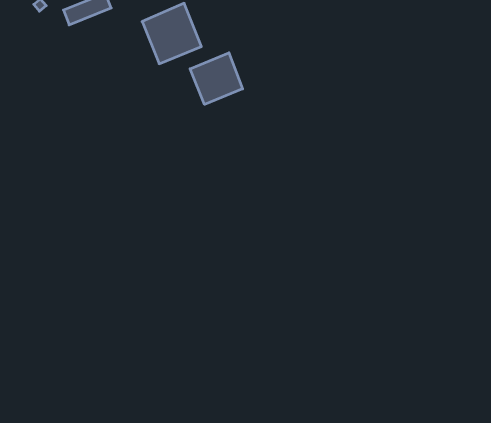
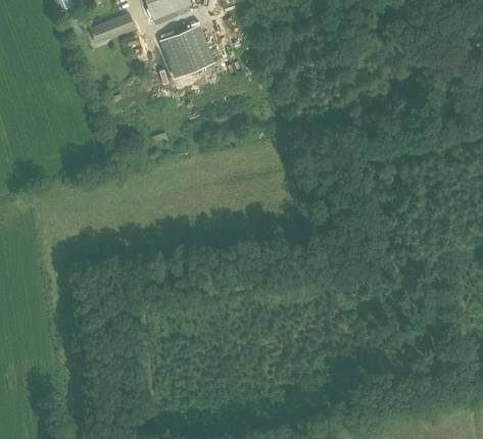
building: [190,53,243,104] -> none

